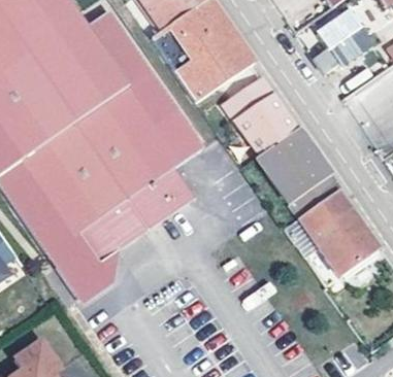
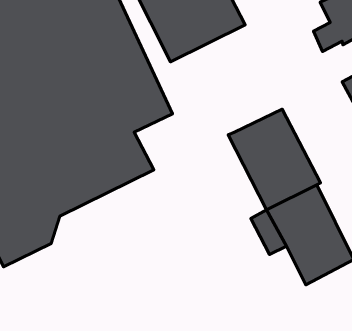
building: [223,73,298,151] -> none

